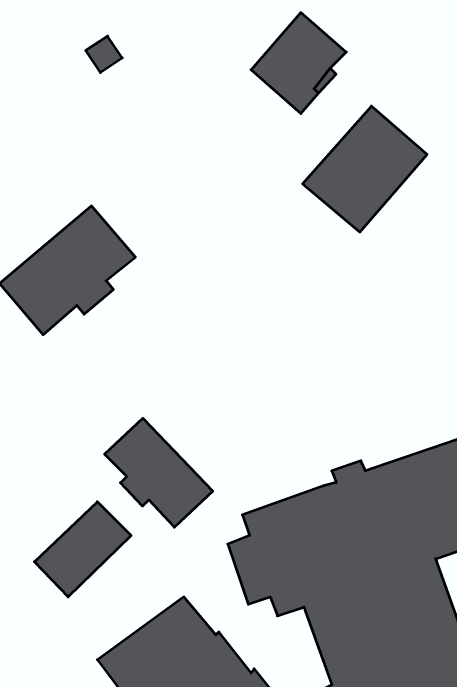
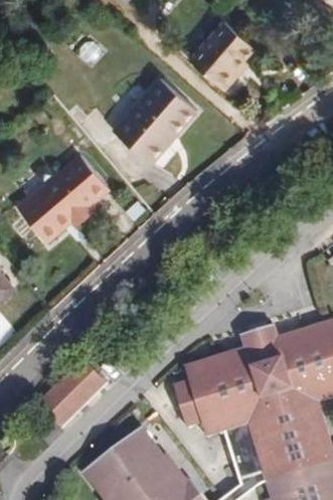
building: [303,106,427,232] -> [113,78,198,165]
building: [105,418,213,527] -> none

